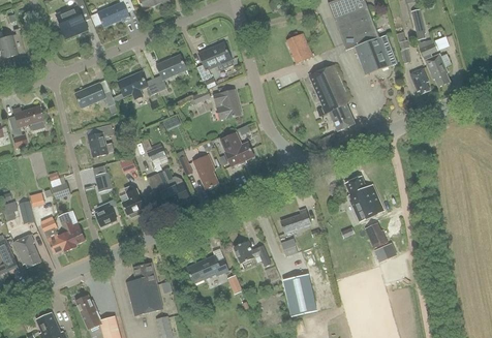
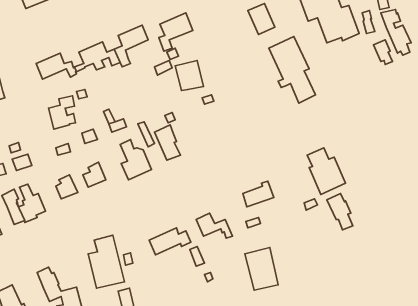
building: [220,132,253,167] -> none

